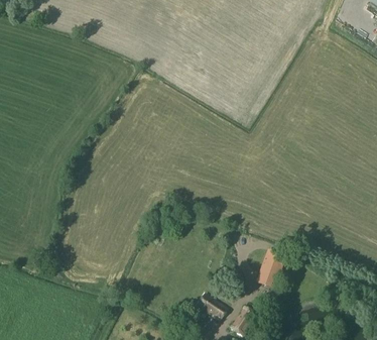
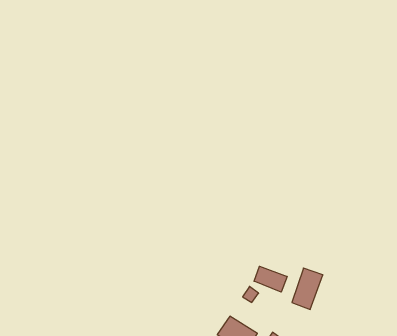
building: none -> [254,266,287,292]

